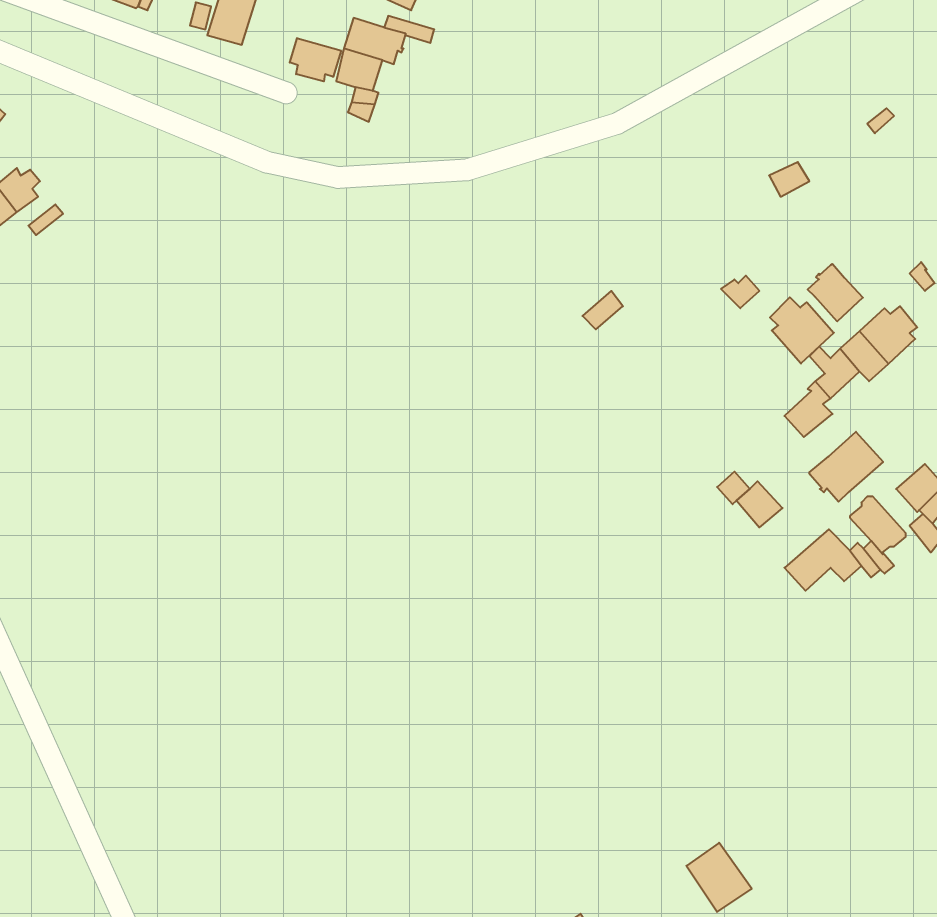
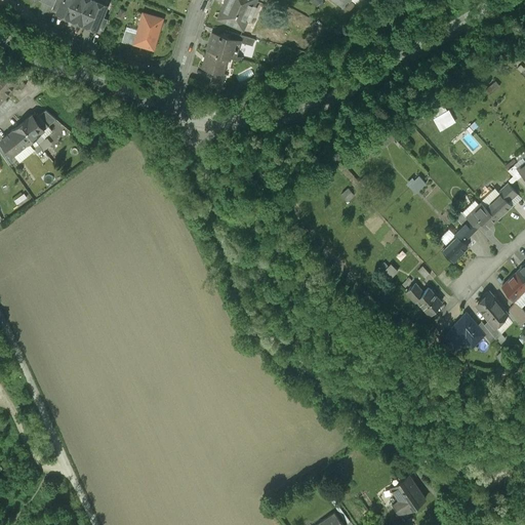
building: [290,38,341,81] -> none
building: [808,264,863,321] -> none
building: [770,297,834,364] -> none
building: [809,432,883,502] -> none

